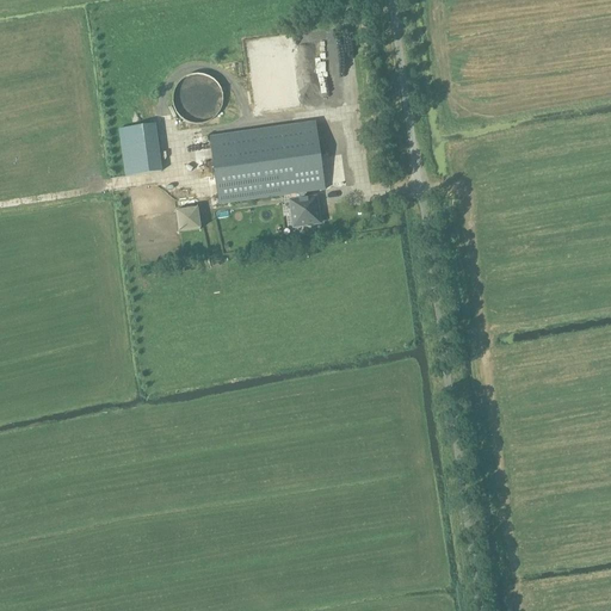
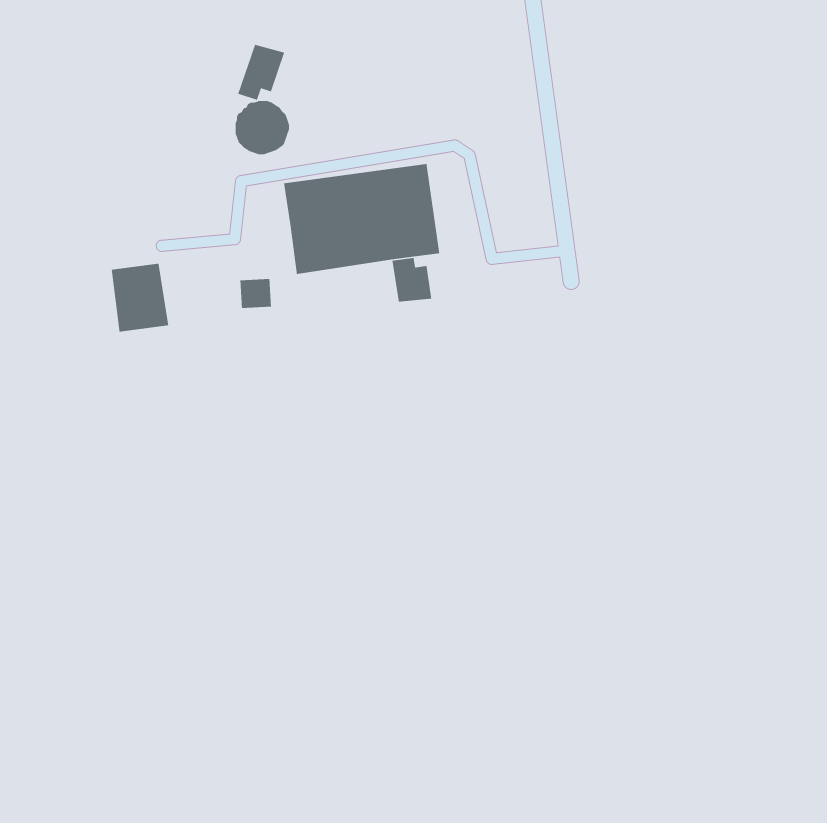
building: none -> [237,44,285,101]
building: [118,123,161,174] -> [111,263,169,332]

